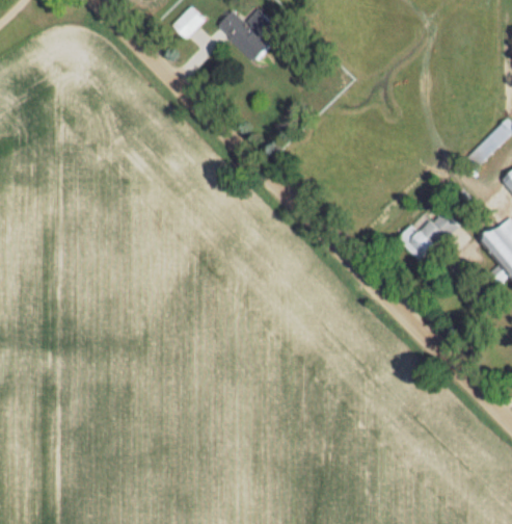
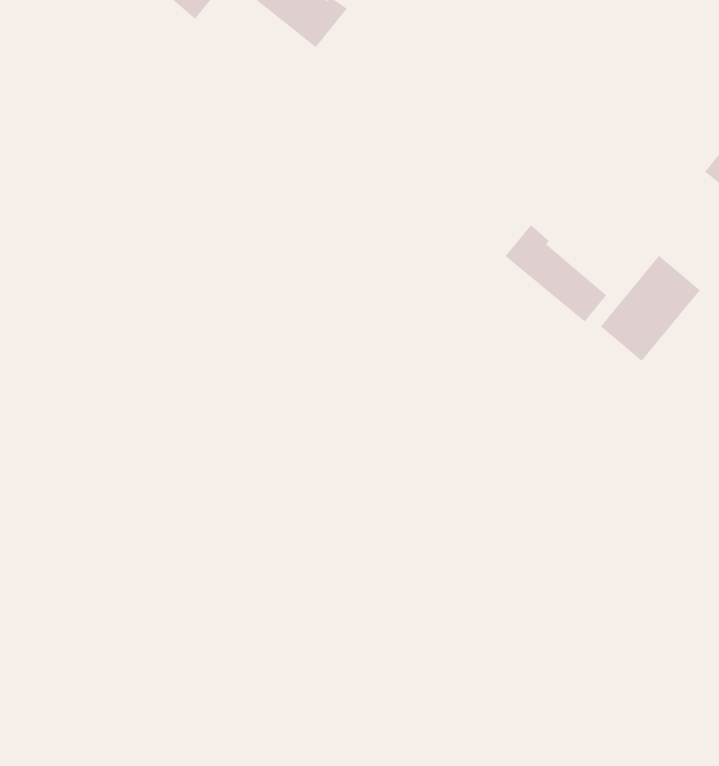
building: none -> [504,224,607,322]

